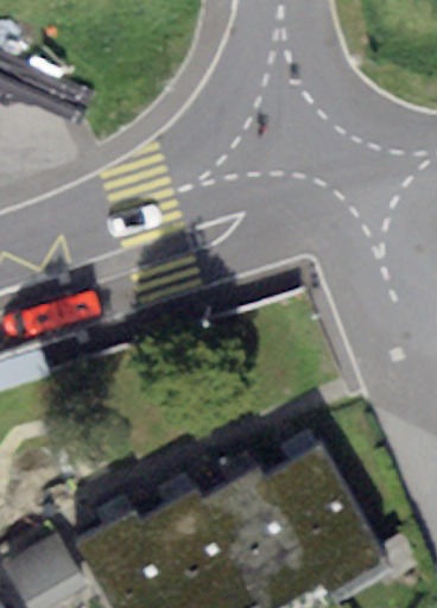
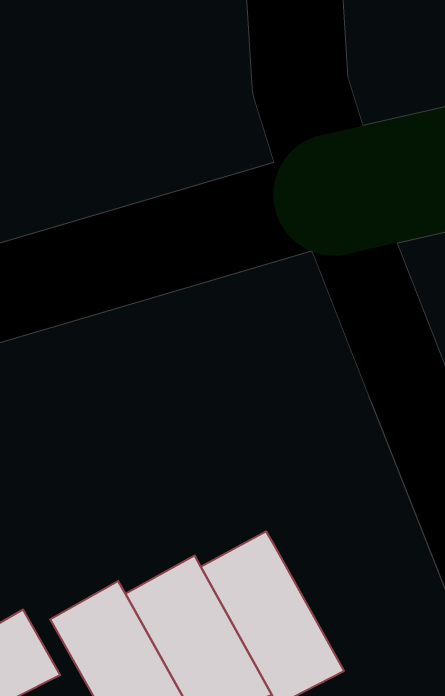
building: [265,450,382,595] -> none

